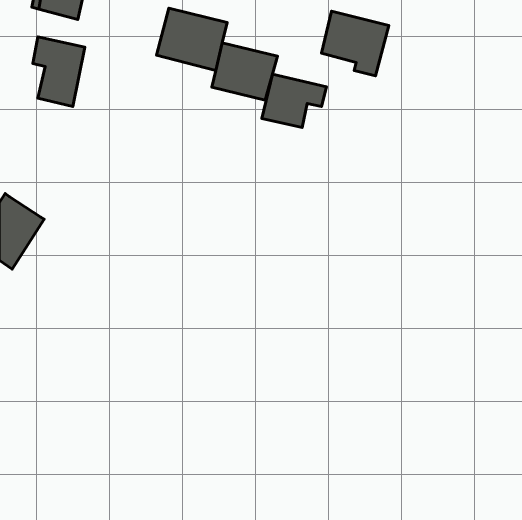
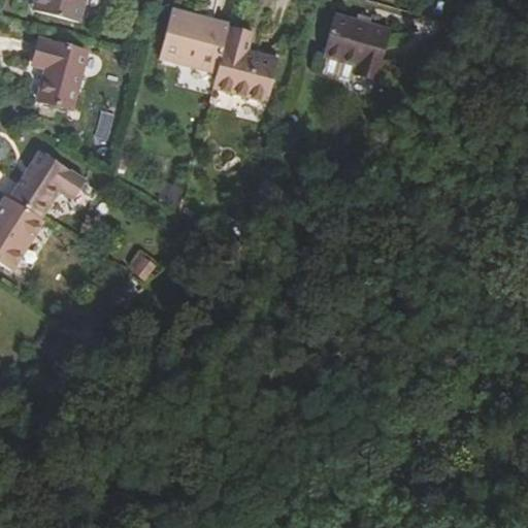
building: [262,74,327,128] -> none
building: none -> [9,151,87,219]

